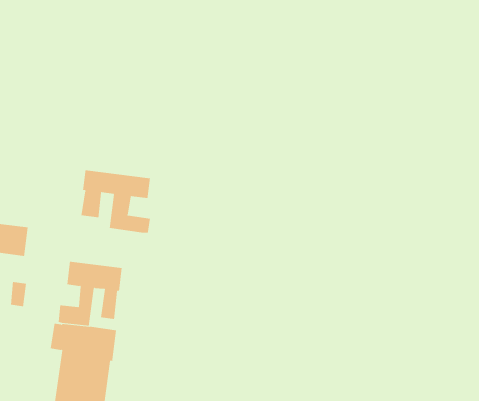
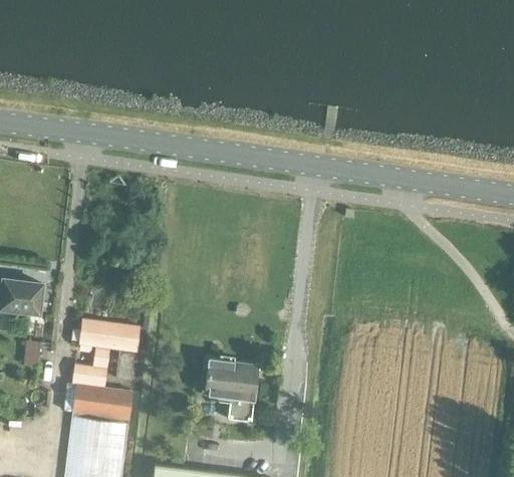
building: [81,169,151,234] -> none
building: none -> [205,362,259,422]

